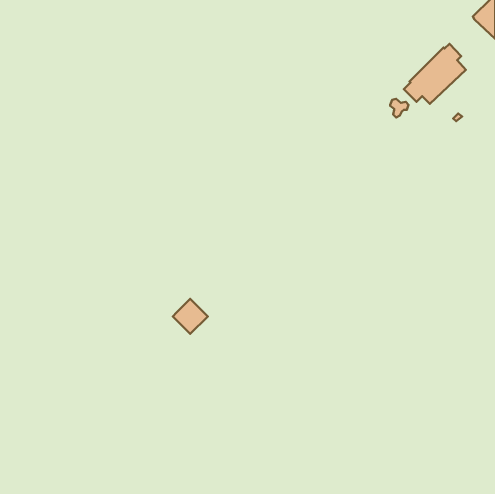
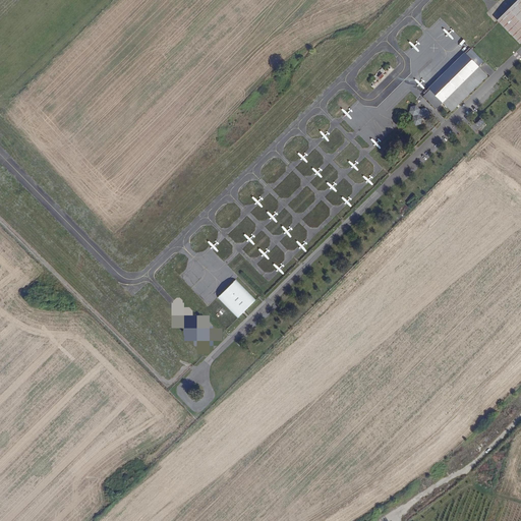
building: none -> [218,278,256,316]

